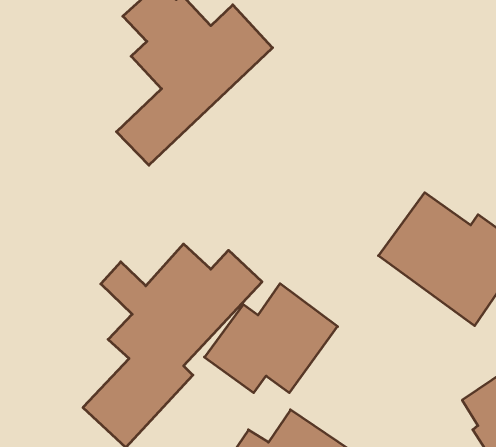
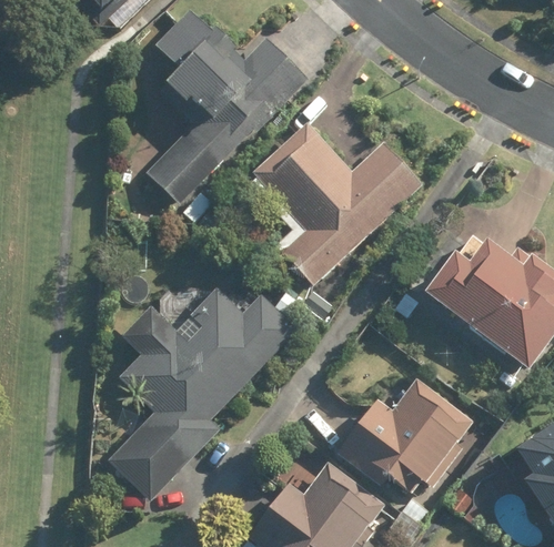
building: none -> [246,119,423,283]
building: [204,284,338,393] -> [336,375,477,490]

